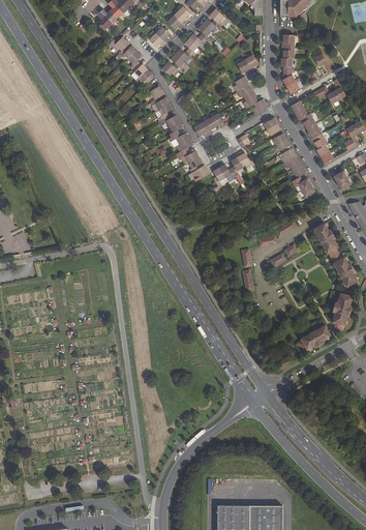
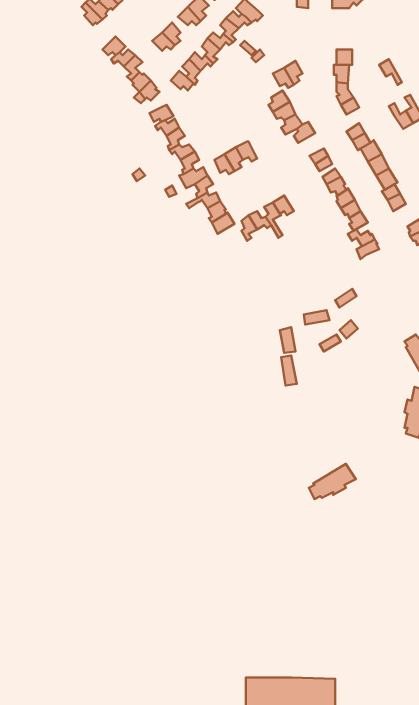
building: [312,223,338,256] -> none
building: [297,324,331,350] -> [309,464,356,499]

